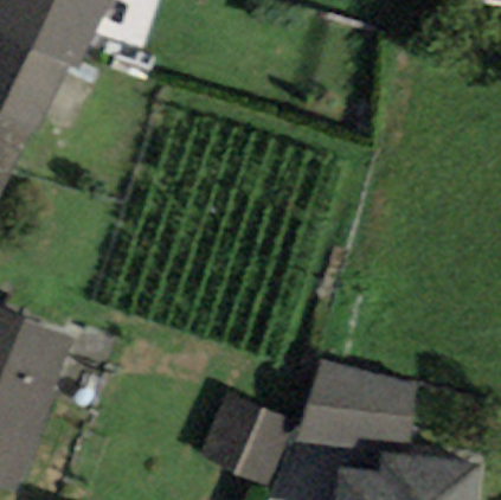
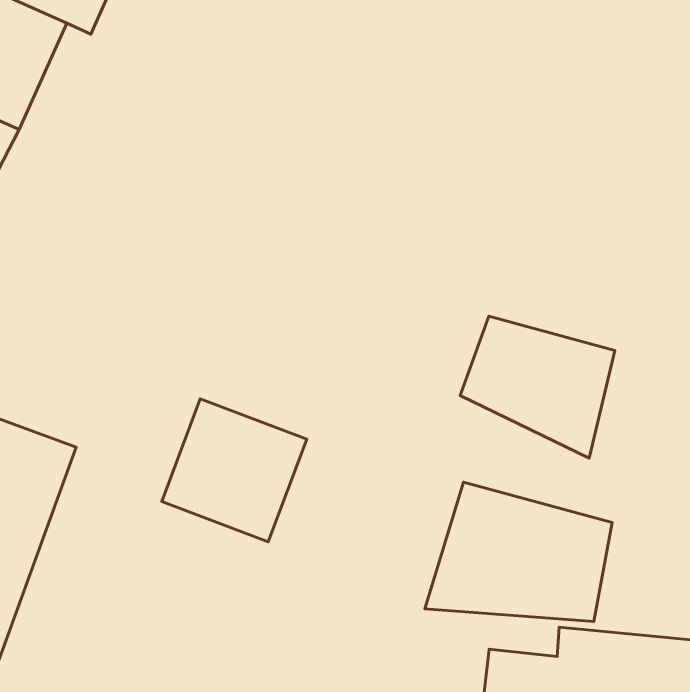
building: none -> [460,316,615,458]
building: [199,393,293,486] -> [162,399,307,542]

